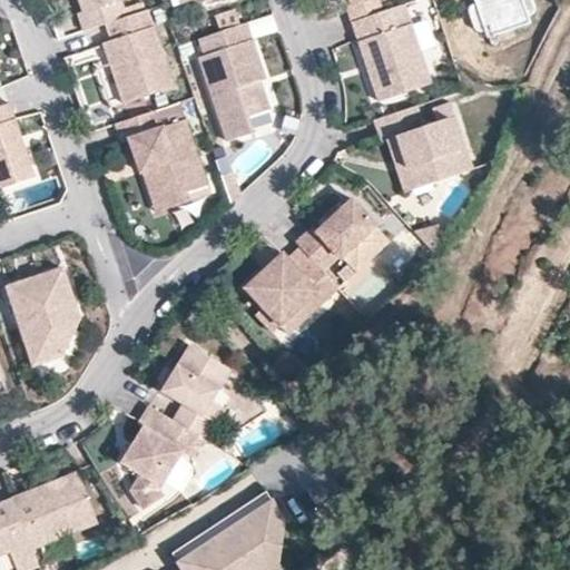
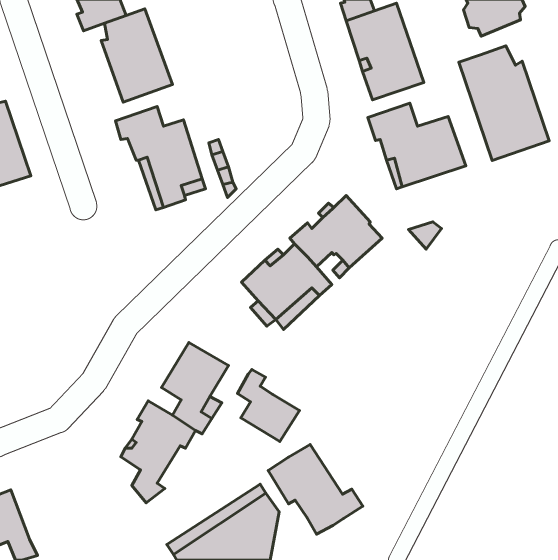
building: [199,21,269,140] -> none
building: none -> [459,46,549,160]
building: [8,266,78,364] -> none
building: none -> [237,369,299,442]
building: none -> [268,444,363,534]
building: [11,471,96,547] -> none

